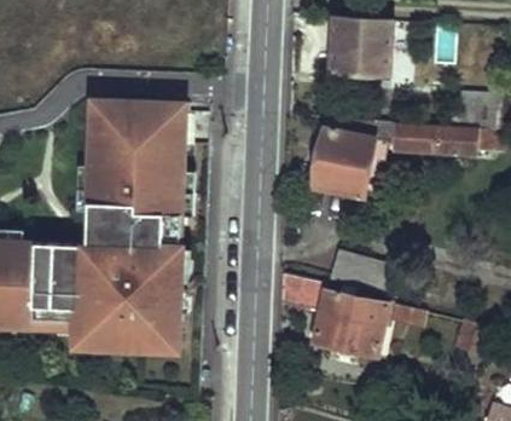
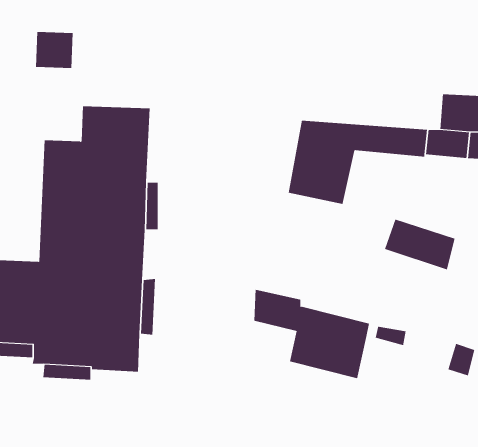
building: [329,17,390,74] -> none
building: [88,103,123,137] -> [35,31,73,68]
building: [327,247,393,294] -> [384,219,456,270]

